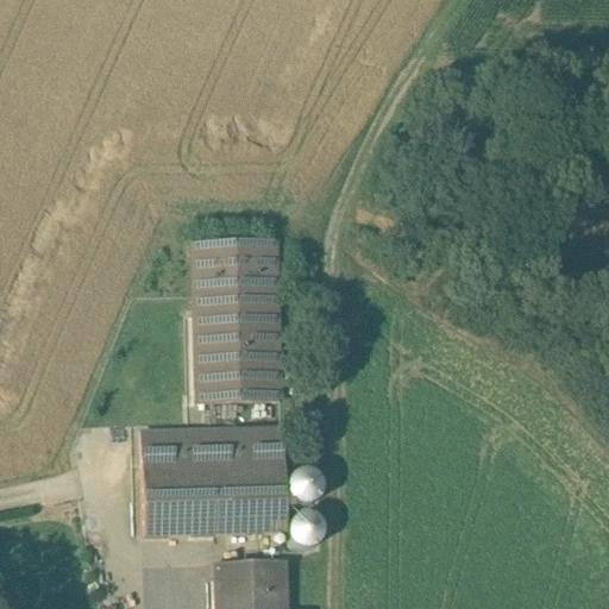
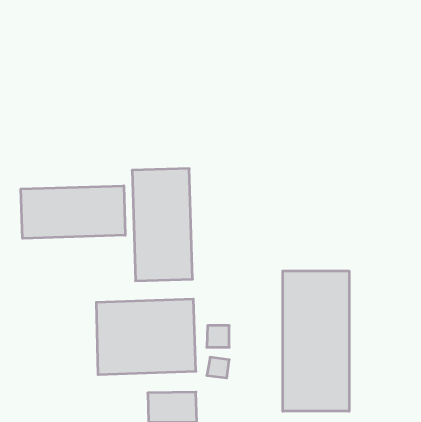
building: none -> [21,186,125,238]
building: none -> [283,271,349,411]

